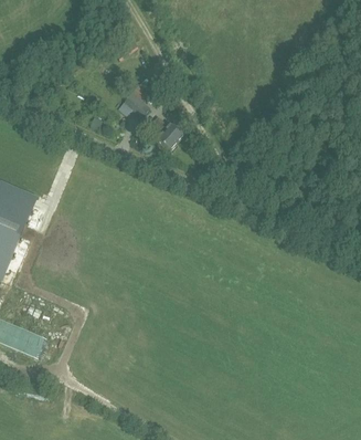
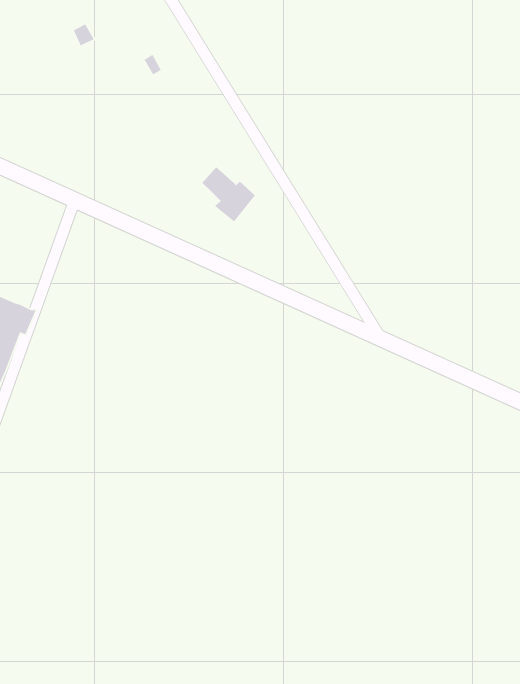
building: [116,85,148,119] -> none

